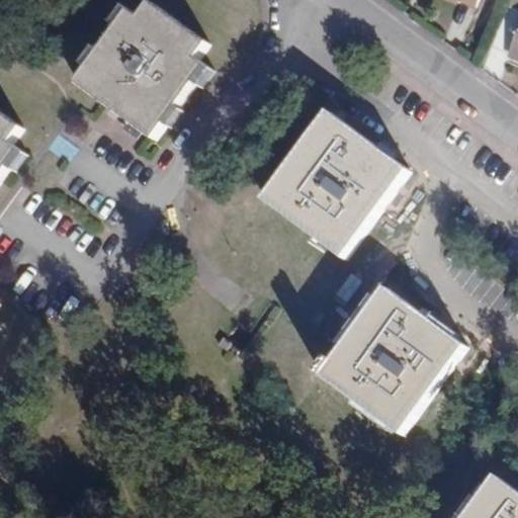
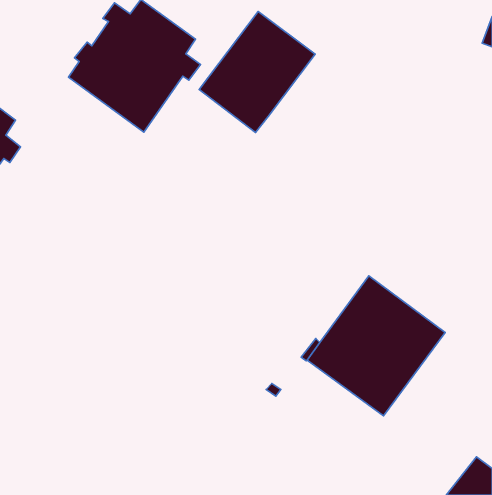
building: none -> [199,11,315,133]
building: [260,109,404,255] -> none

